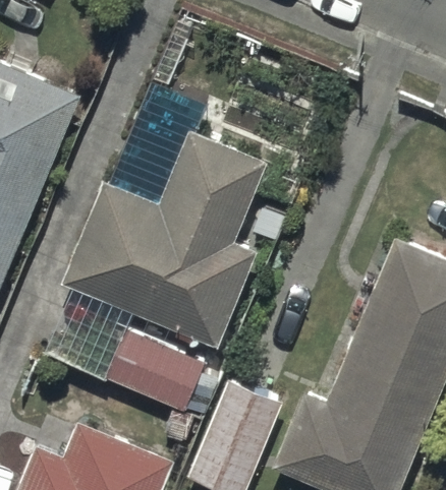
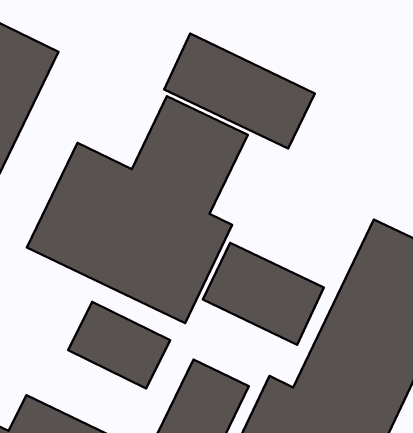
building: none -> [164,34,315,149]
building: none -> [203,243,324,345]

